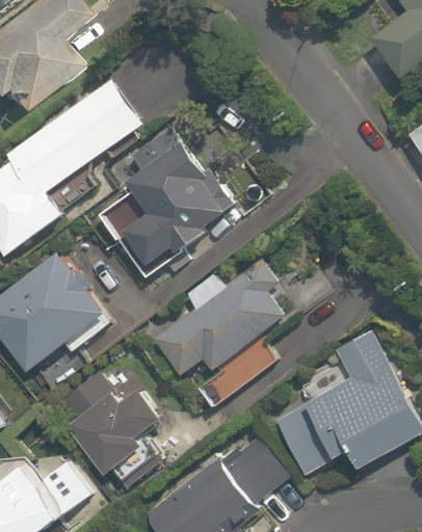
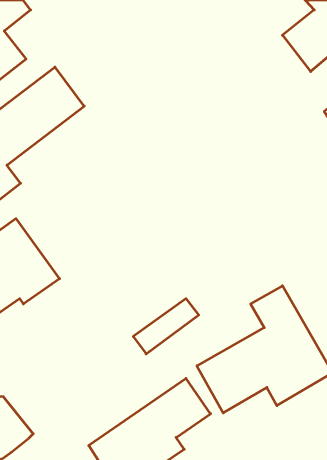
building: [117,144,232,273] -> none
building: [156,265,287,378] -> none
building: [63,372,165,476] -> none

